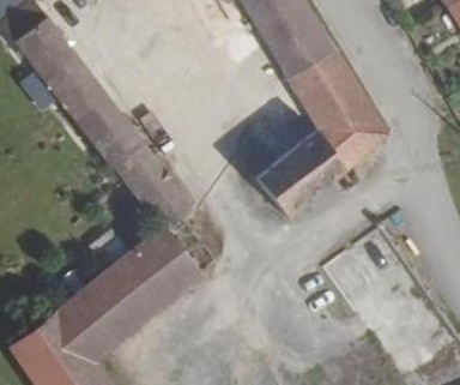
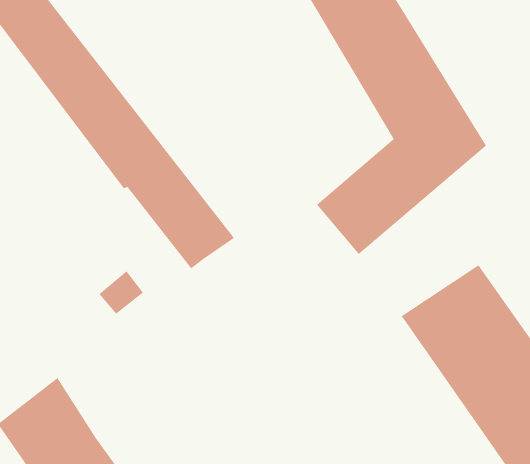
building: [60,222,200,359] -> none

